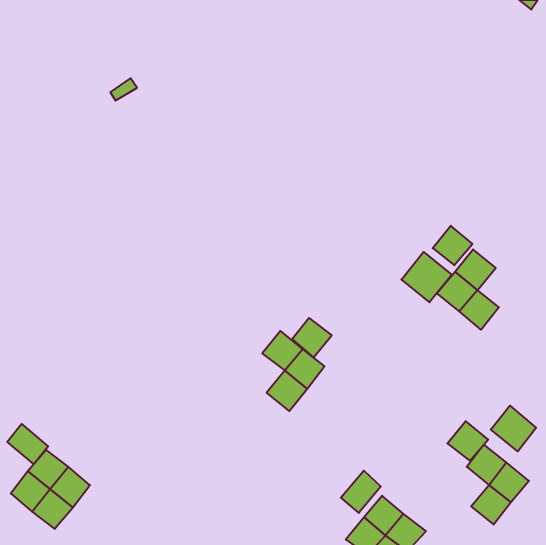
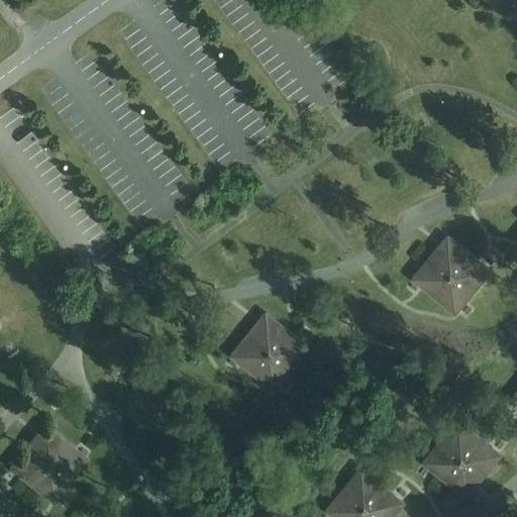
building: [433,226,472,265] -> [450,254,488,292]
building: [401,252,452,302] -> none
building: [292,318,332,358] -> [231,335,269,373]
building: [491,406,536,451] -> none
building: [447,421,488,461] -> [423,442,461,480]
building: [7,424,48,464] -> none
building: [341,471,381,513] -> none

